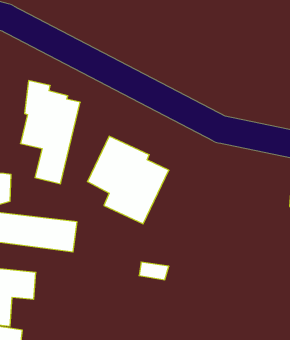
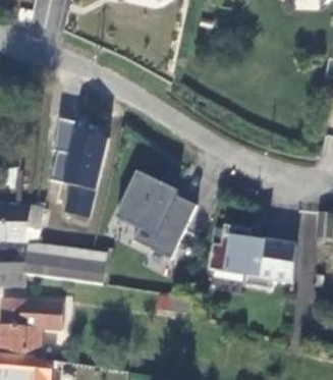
building: none -> [212,224,299,288]

